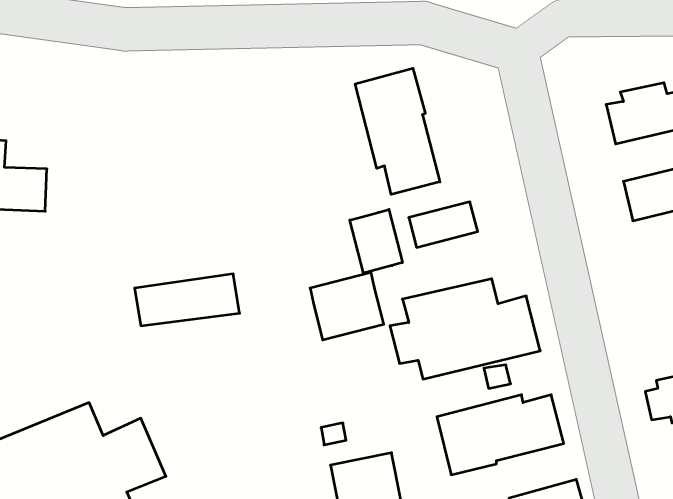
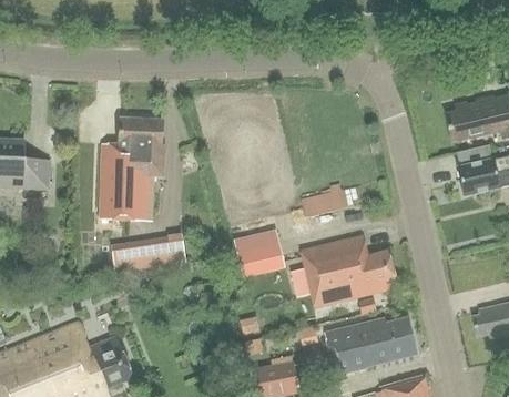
building: [355,68,440,194] -> none
building: none -> [100,114,166,220]
building: [350,209,402,273] -> none

